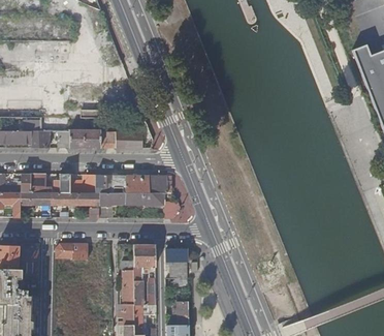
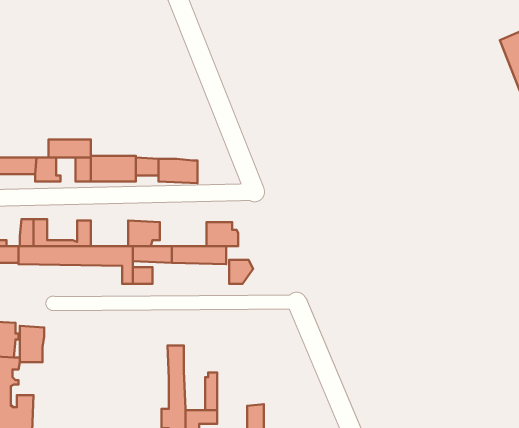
building: [70,174,96,191] -> none
building: [126,175,150,191] -> none
building: [56,242,89,258] -> none
building: [134,243,156,304] -> none
building: [166,248,188,278] -> none

